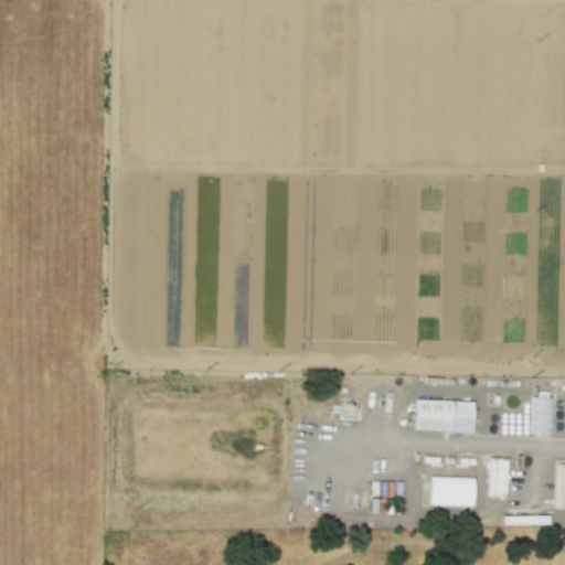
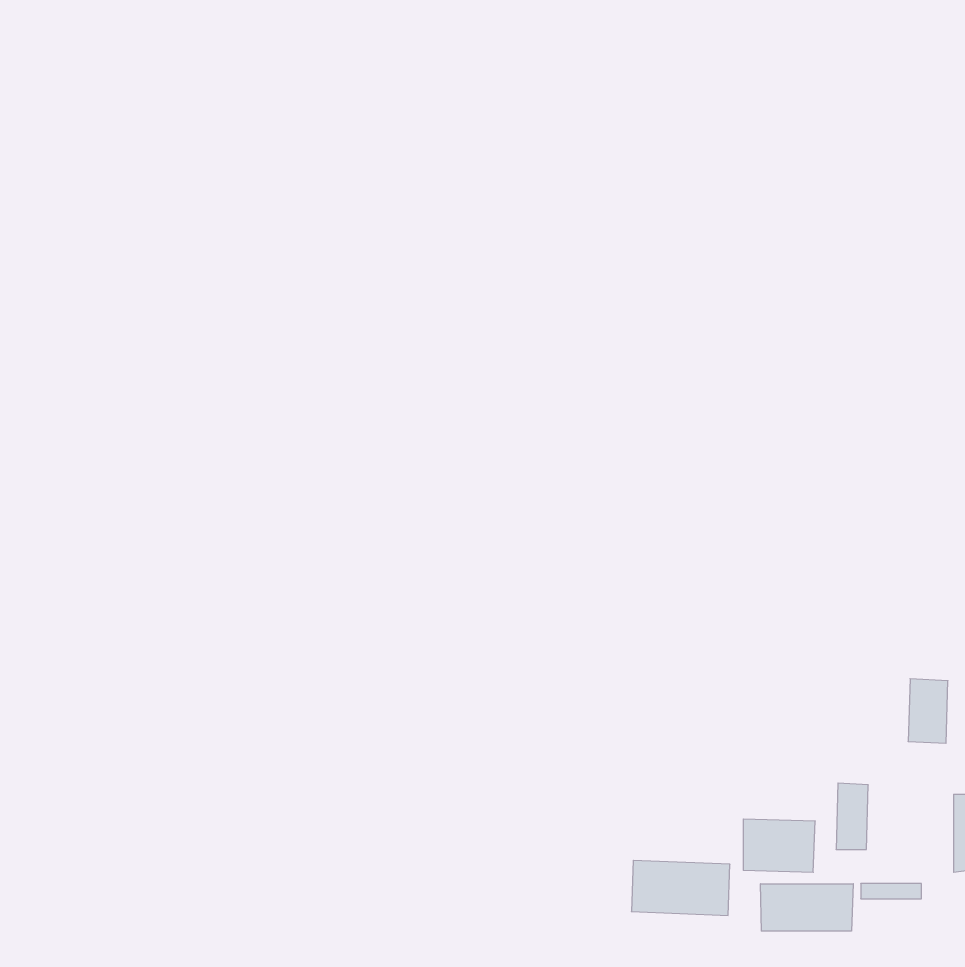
building: [418,401,476,433] -> [631,860,730,915]
building: none -> [761,884,853,931]

